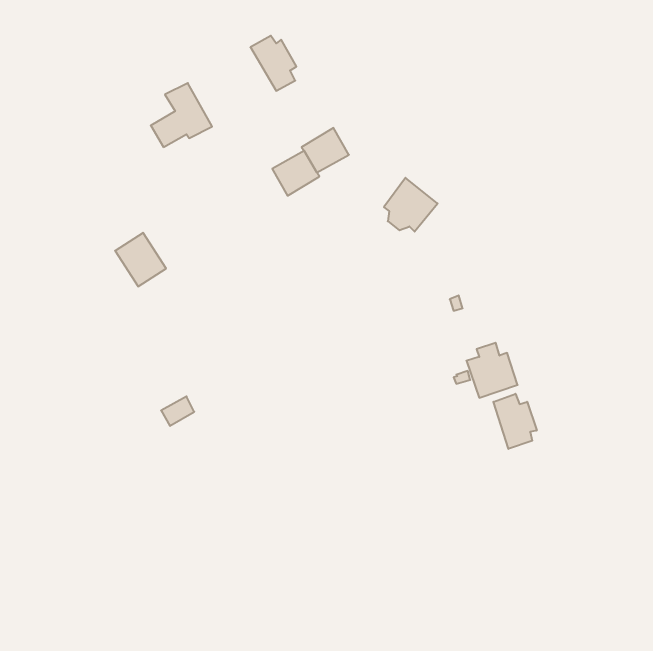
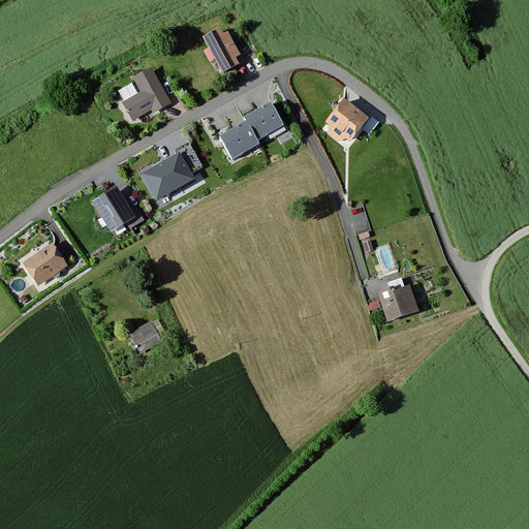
building: none -> [142,142,201,200]
building: [384,178,438,232] -> [325,98,369,142]
building: none -> [24,244,67,284]
building: [493,394,537,449] -> none

